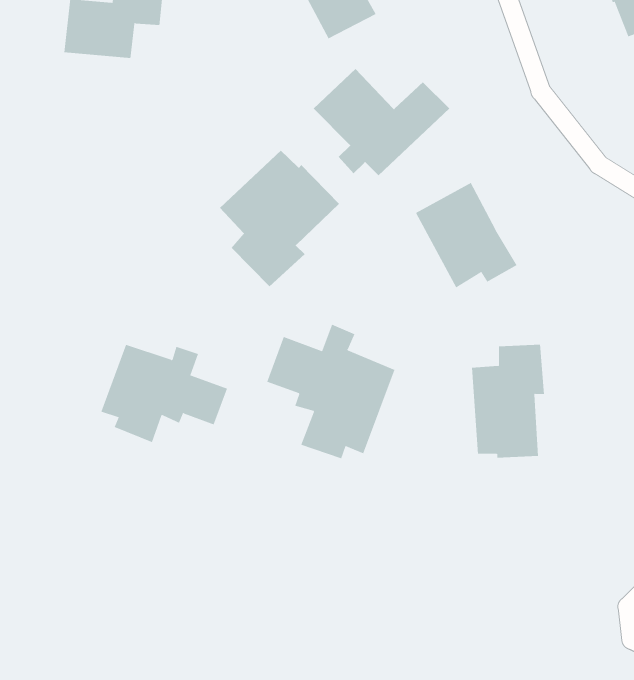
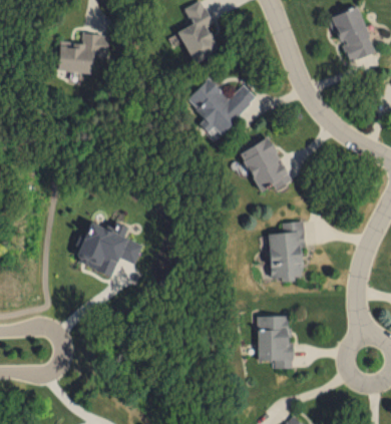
building: [219,150,340,287] -> none
building: [266,324,395,459] -> none
building: none -> [257,316,294,369]

